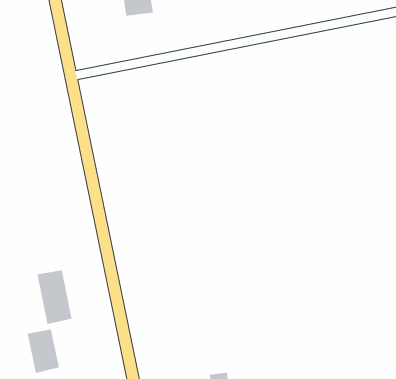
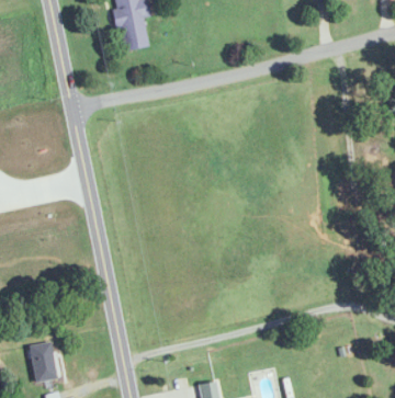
building: [37,270,72,325] -> none

